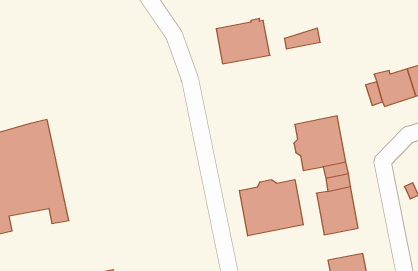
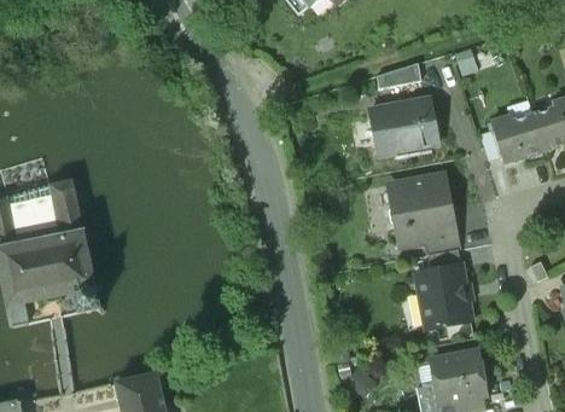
building: [216,18,270,64] -> [368,95,437,153]
building: [239,180,303,236] -> none

